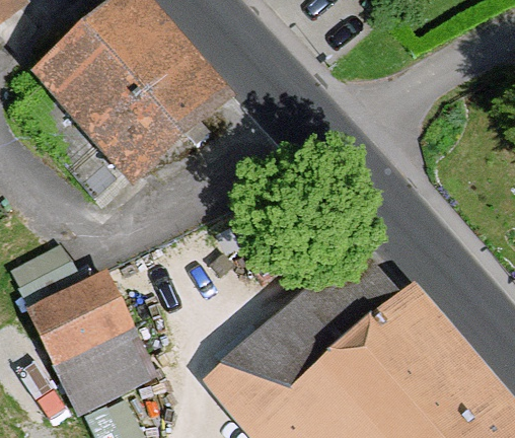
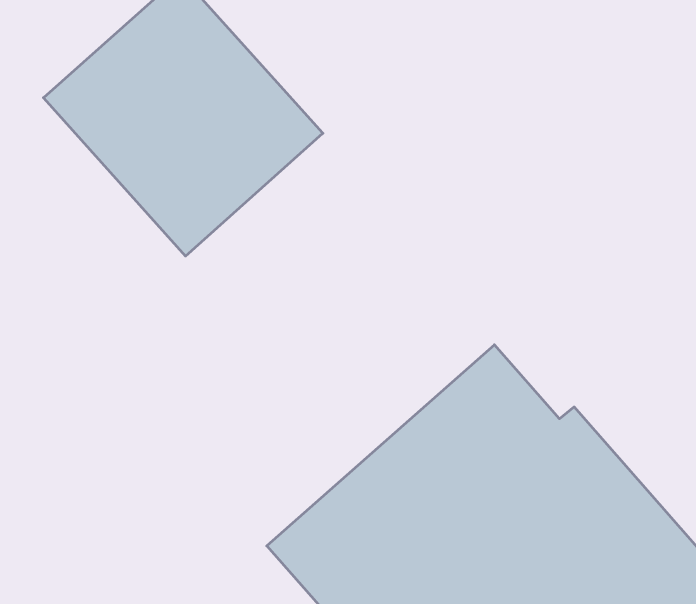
building: [25,274,158,417] -> none

